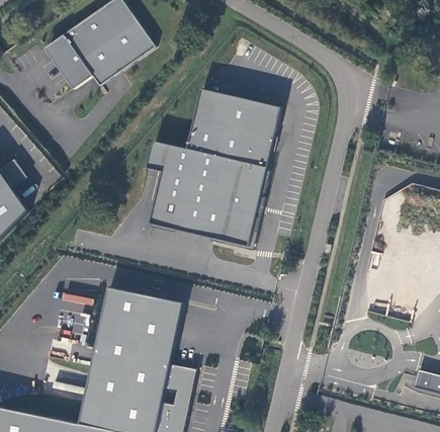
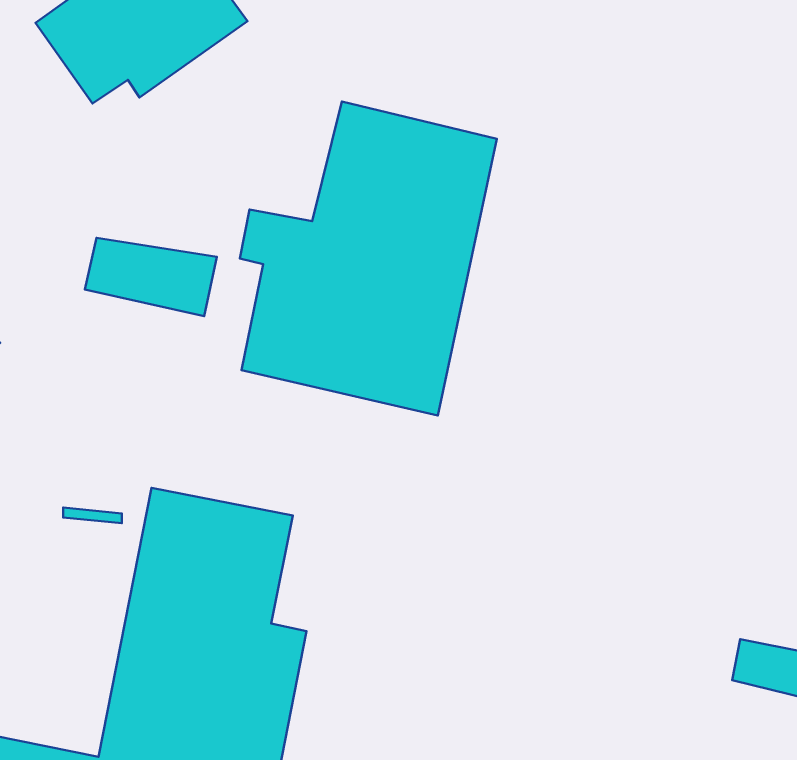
building: none -> [85,238,217,316]

